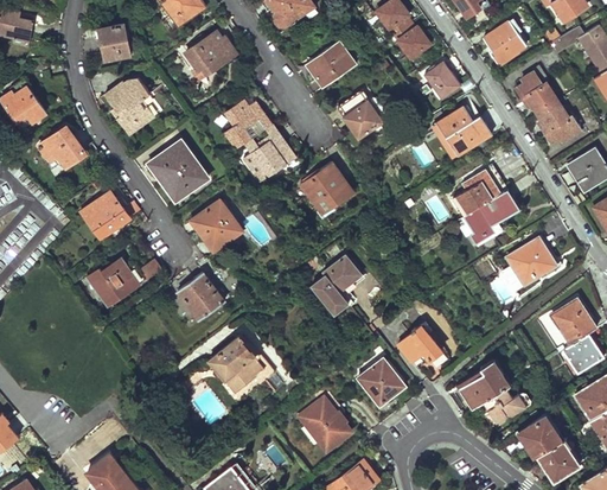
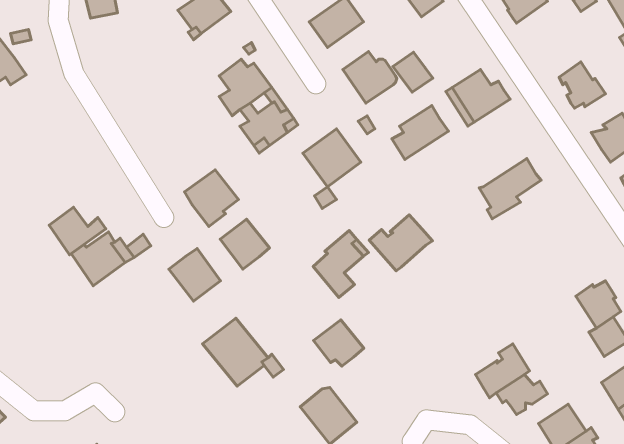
building: [423,63,460,100] -> [393,52,433,92]
building: [516,74,556,115] -> none
building: [103,78,154,135] -> none
building: [40,128,84,166] -> none
building: [153,142,204,202] -> none
building: [454,166,506,216] -> [392,106,448,160]
building: [87,191,139,235] -> [49,207,106,255]
building: [505,238,554,287] -> none
building: none -> [369,215,432,271]
building: none -> [220,219,270,269]
building: [397,324,447,368] -> none
building: [357,359,403,402] -> [314,320,364,366]

